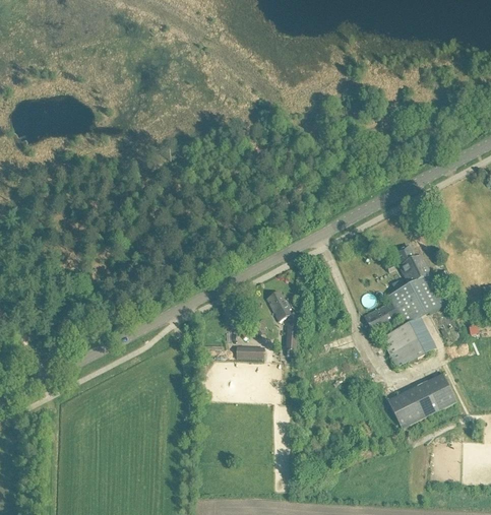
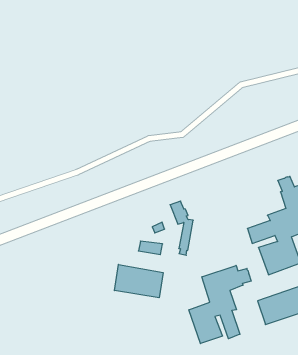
building: none -> [189,265,251,344]
building: none -> [114,264,163,298]

